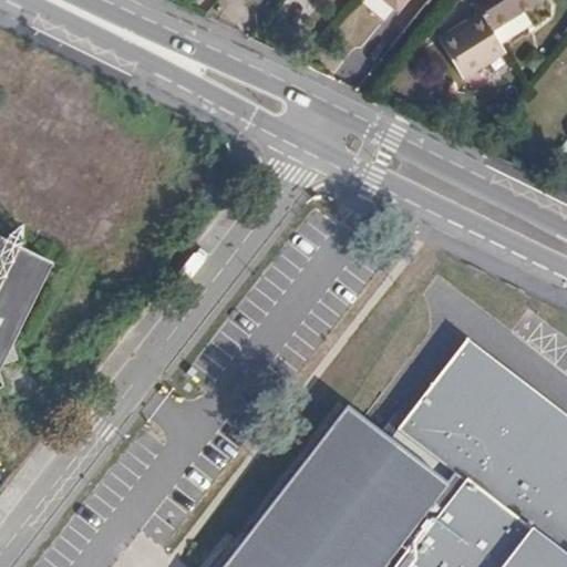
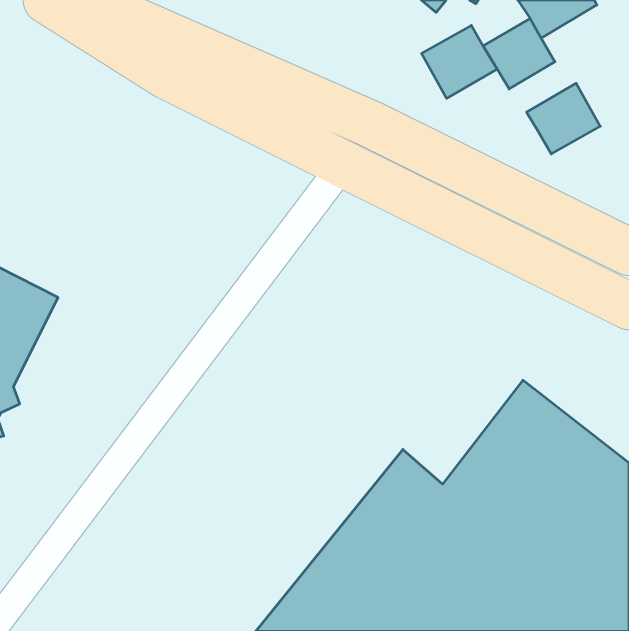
building: none -> [422,25,497,98]
building: none -> [527,83,600,154]

